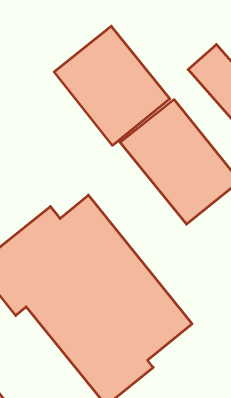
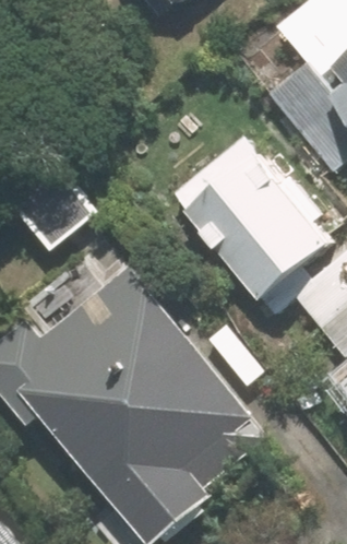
building: [54,26,170,145] -> none

